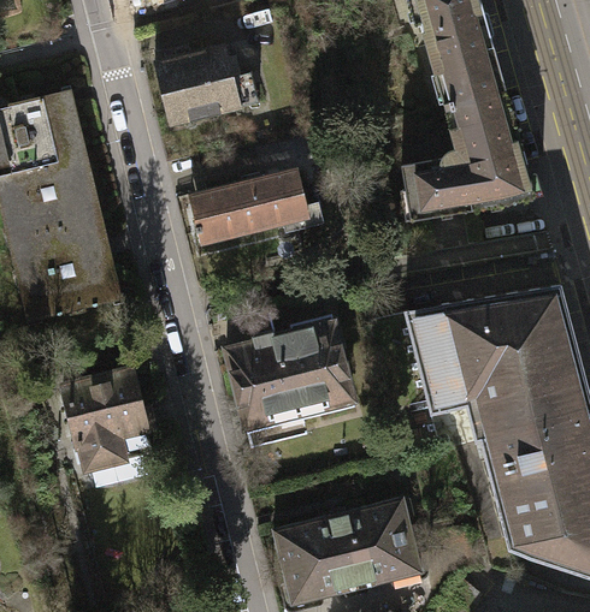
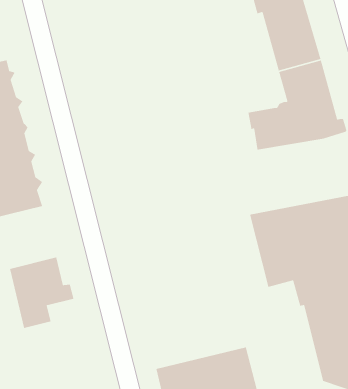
building: [151,46,255,126] -> none
building: [184,167,308,243] -> none
building: [225,322,350,435] -> none

